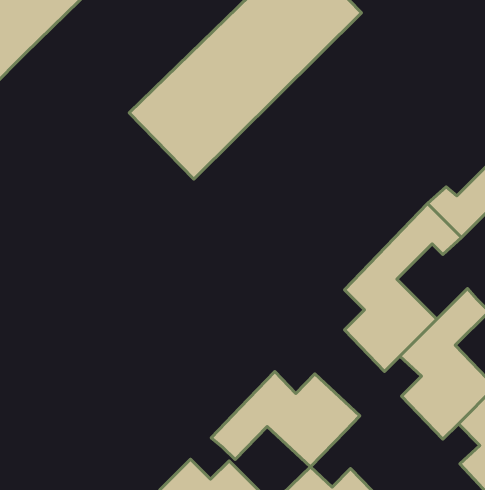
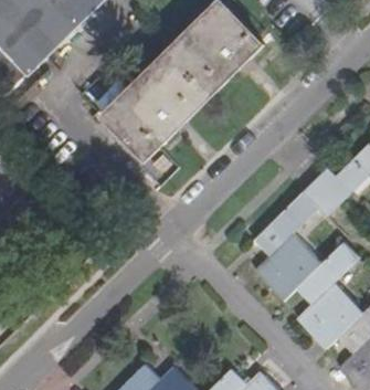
building: [211,372,360,467] -> none

